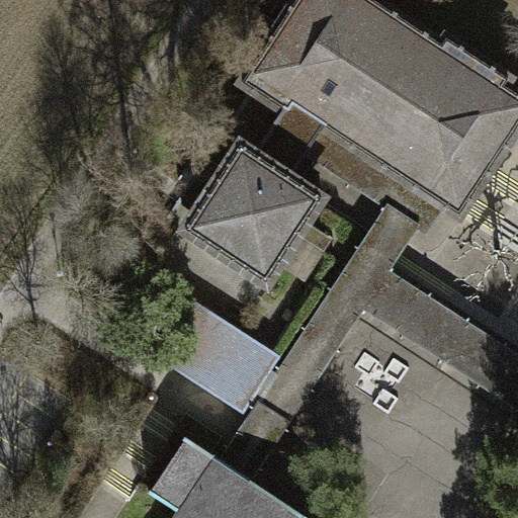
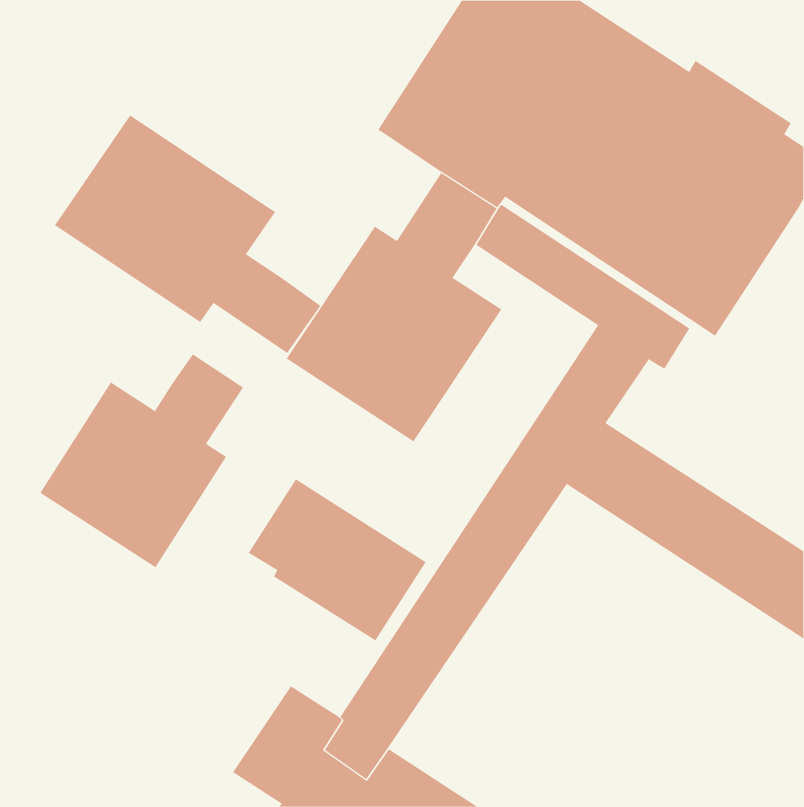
building: none -> [54,115,321,354]
building: none -> [40,354,244,568]

